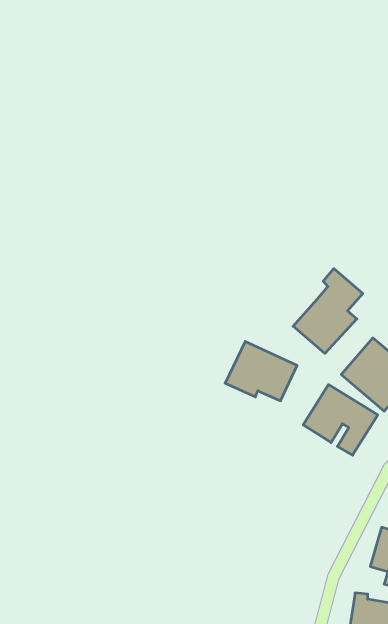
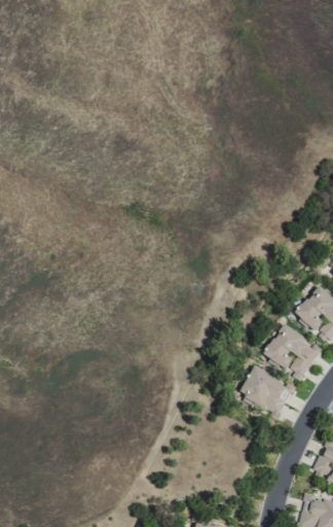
building: [293,269,363,353] -> none
building: [225,341,297,401] -> [236,365,295,414]

